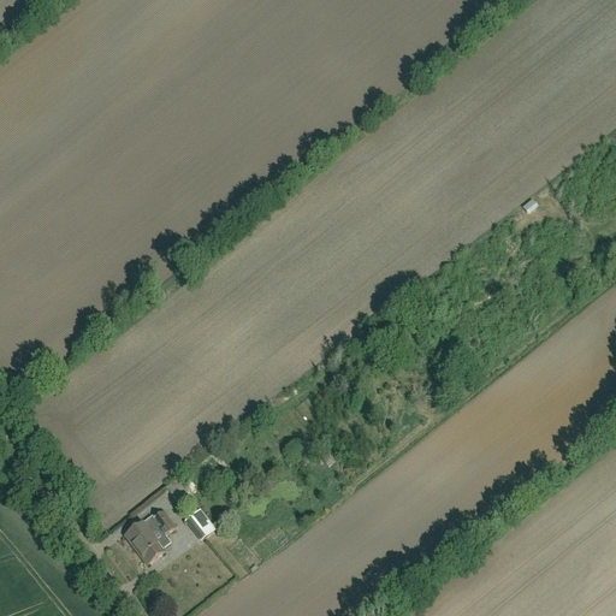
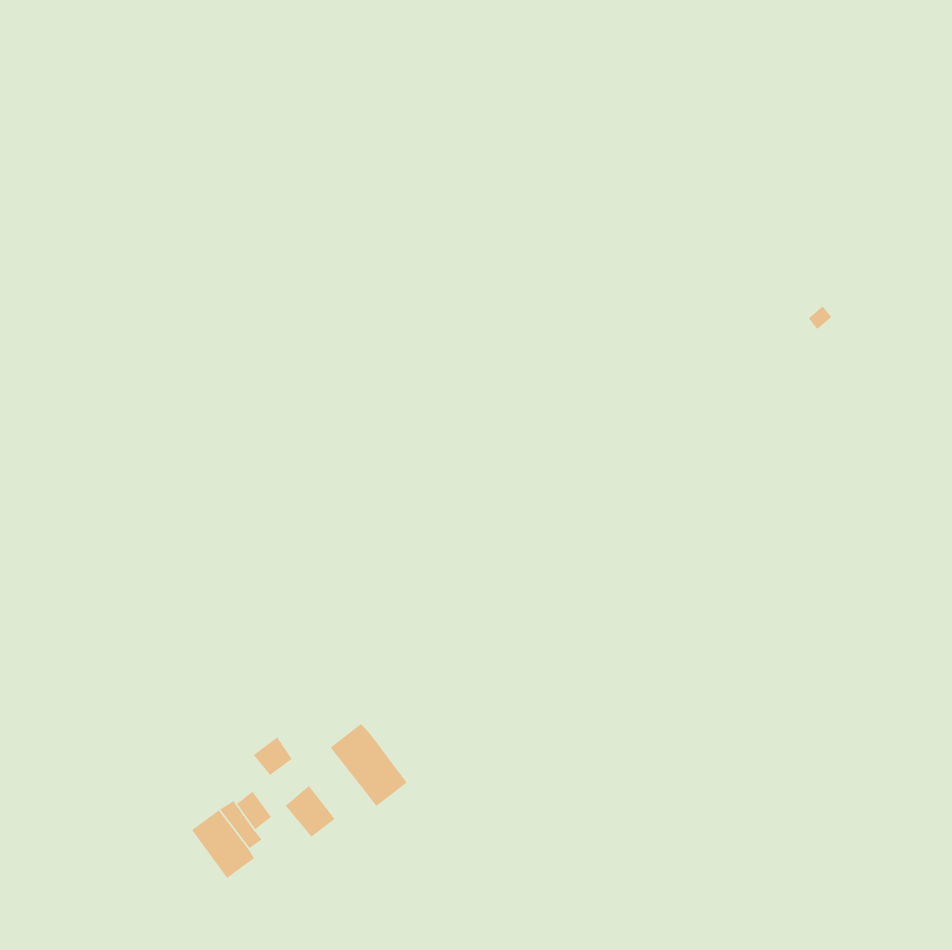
building: none -> [330,723,408,807]

